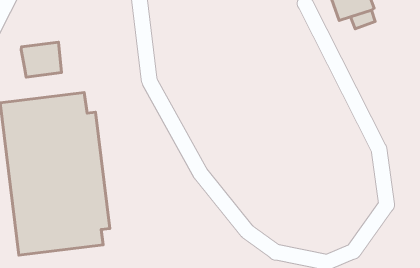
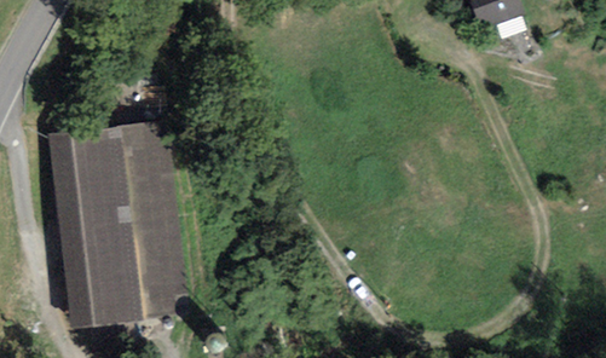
building: [21,42,62,77] -> none

